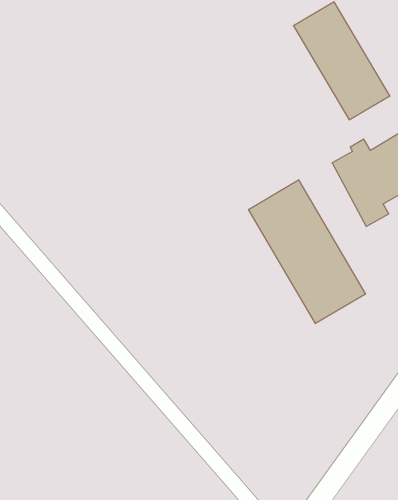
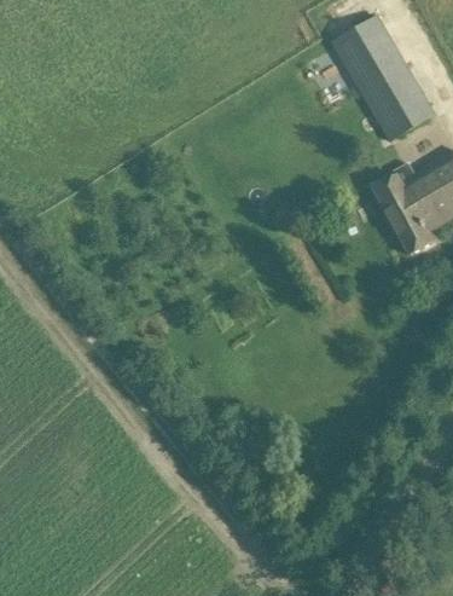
building: [249,180,365,324] -> none

